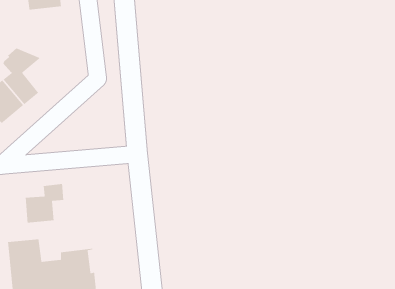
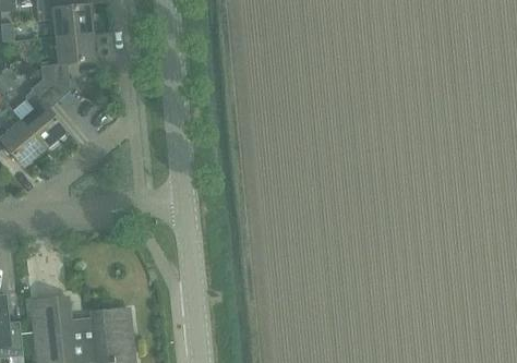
building: none -> [41,31,97,89]
building: [25,183,64,223] -> none

